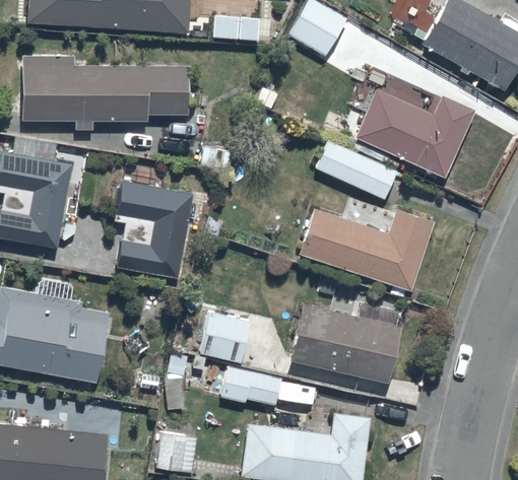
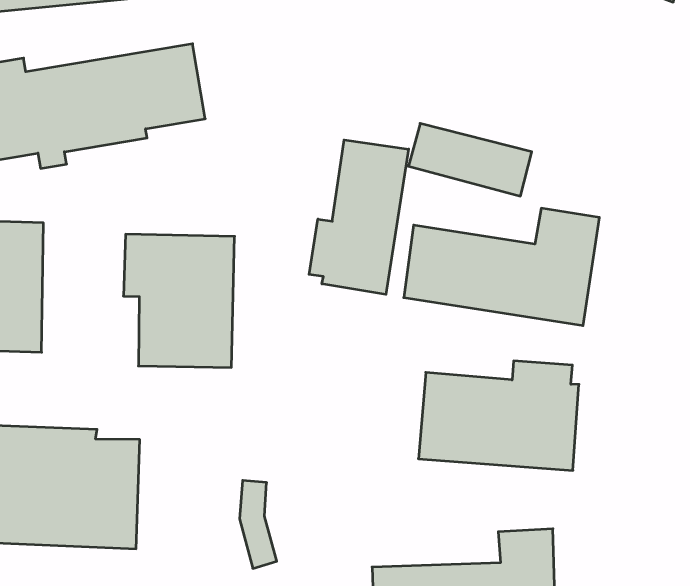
building: [355,88,474,177] -> none
building: none -> [309,140,409,294]
building: [200,313,253,363] -> none
building: [222,368,281,407] -> none

